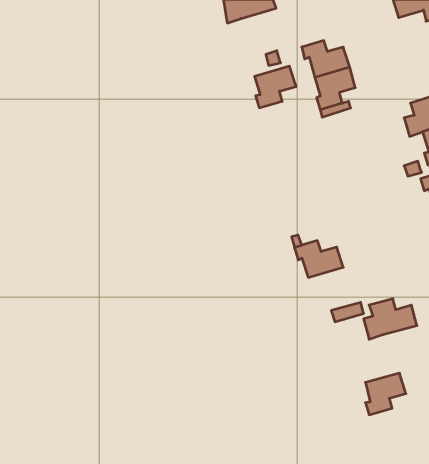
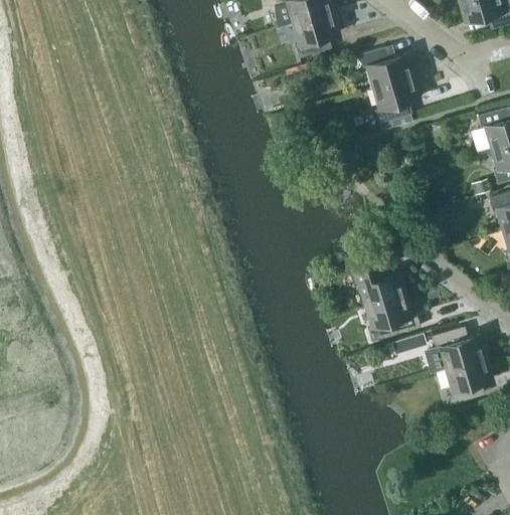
building: [255,66,296,108] -> [293,11,338,56]
building: none -> [366,294,419,340]
building: [365,373,406,415] -> [448,357,492,402]

